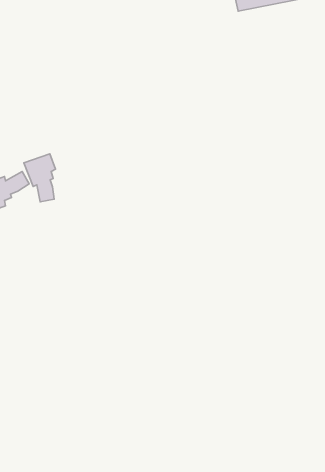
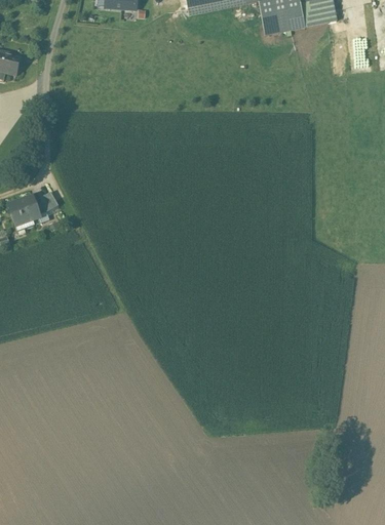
building: [24,154,56,202] -> none

